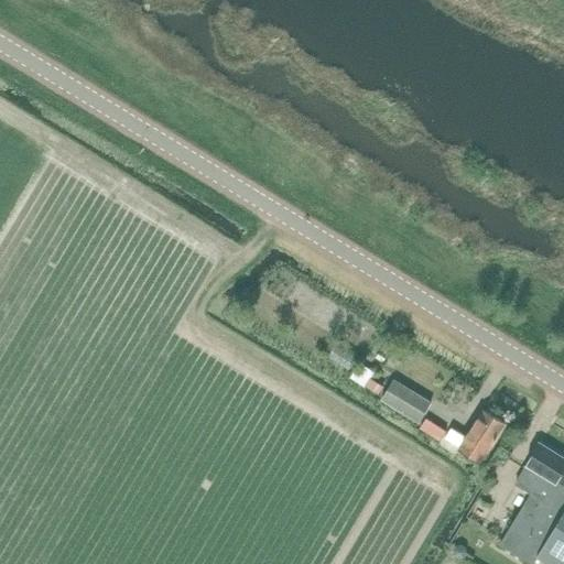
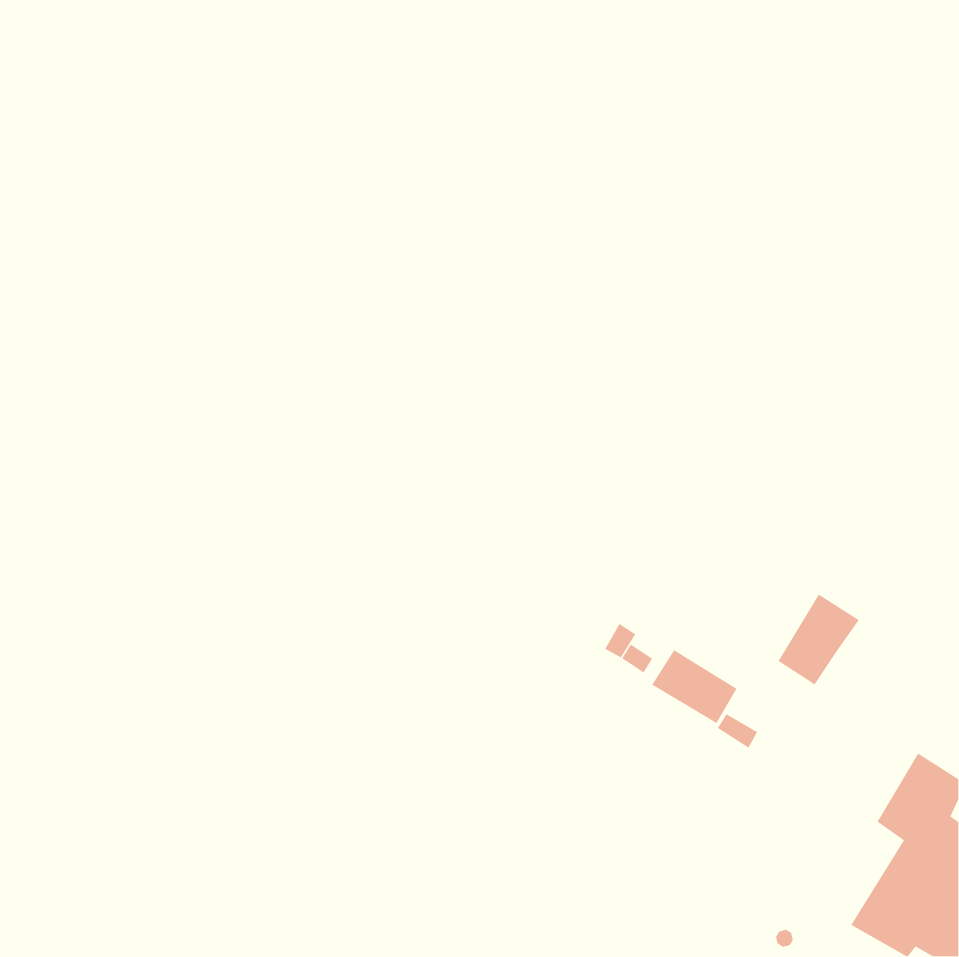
building: [459,408,508,462] -> [777,593,860,685]

